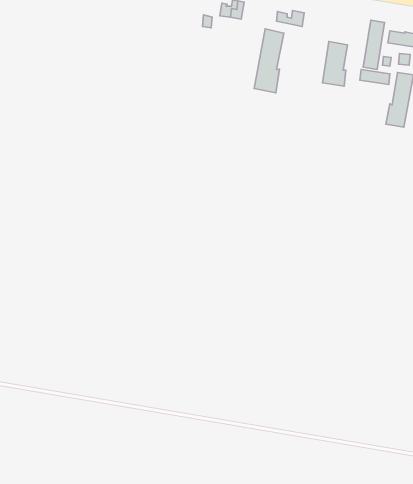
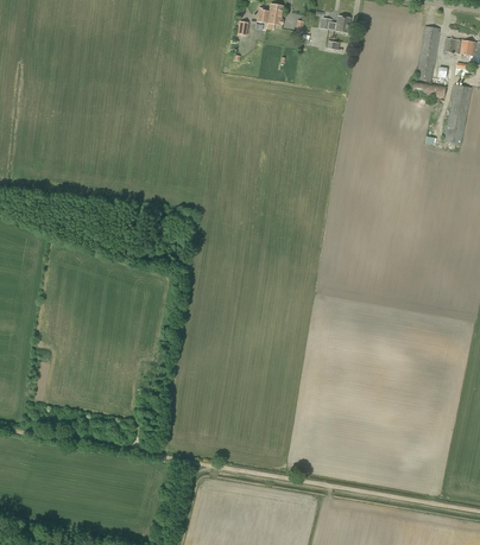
building: [254,29,284,93] -> none
building: [323,42,348,86] -> none

